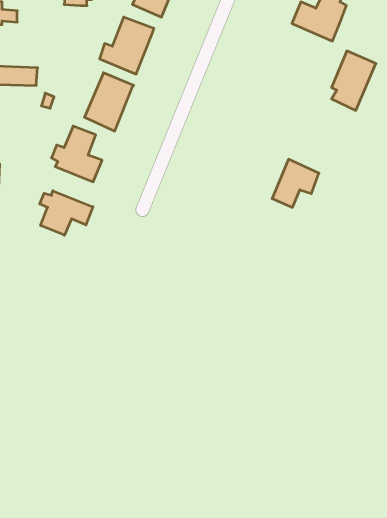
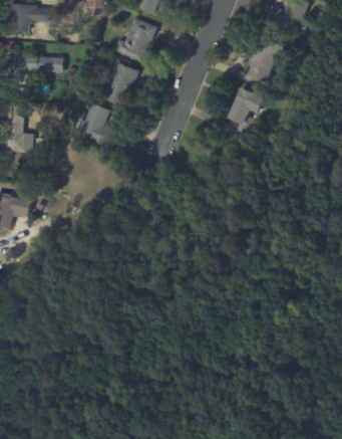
building: [332,51,376,110] -> [249,36,284,83]
building: [272,159,319,207] -> [230,87,267,126]
building: [40,191,93,235] -> none

